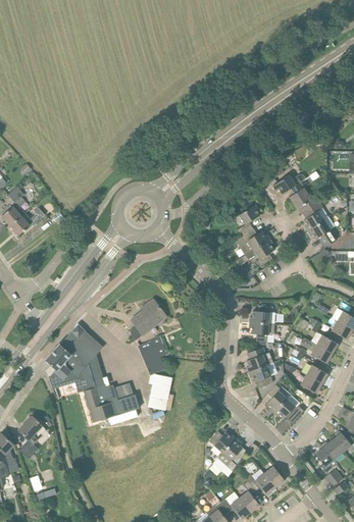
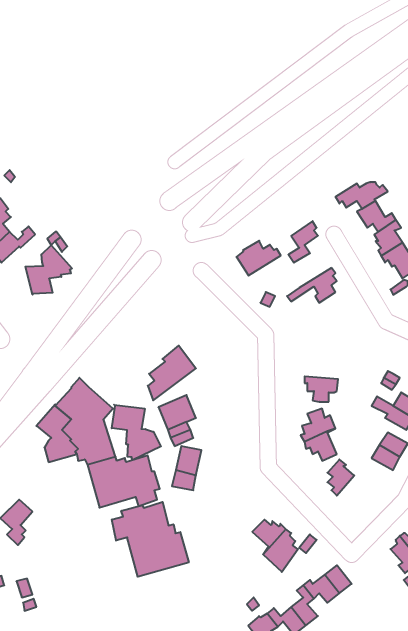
building: none -> [25,245,72,295]
building: [236,228,269,255] -> [236,241,281,276]
building: [249,305,274,324] -> none
building: none -> [112,405,161,460]
building: [273,398,304,423] -> none
building: none -> [112,502,189,577]

